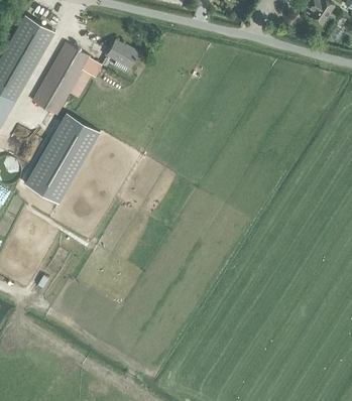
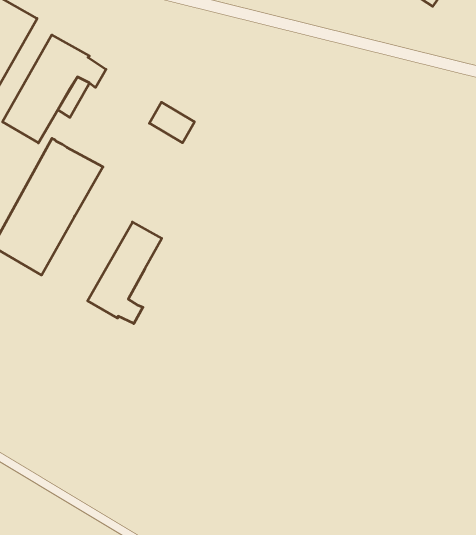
building: [107,39,137,66] -> [149,102,194,143]
building: none -> [88,222,162,324]

